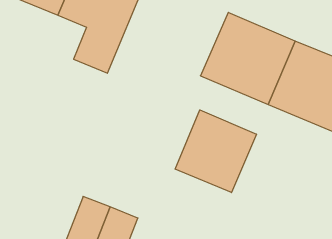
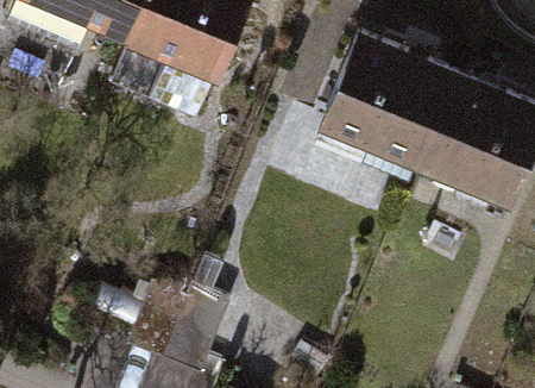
building: [175,110,256,193] -> none

